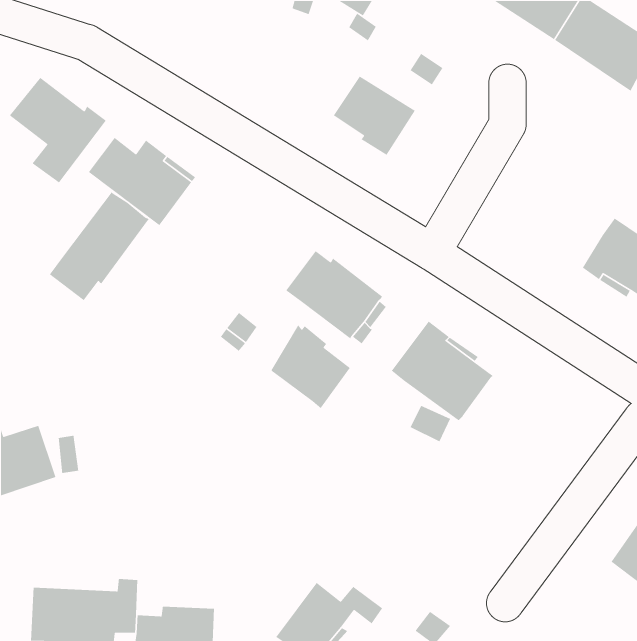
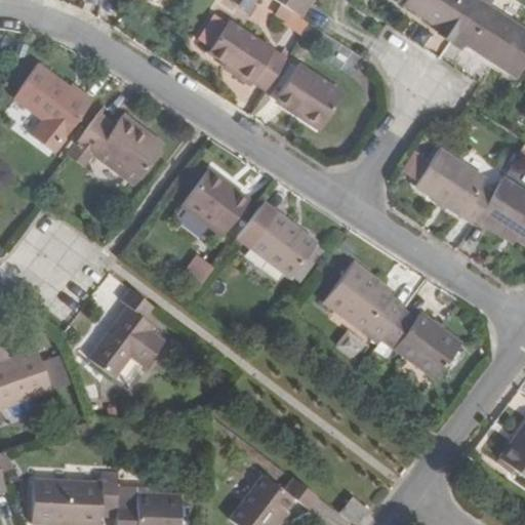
building: none -> [199,15,286,88]
building: none -> [416,148,495,224]
building: [49,191,150,301] -> none
building: [271,324,351,409] -> [179,167,245,237]
building: none -> [79,283,157,373]
building: none -> [382,310,462,379]

